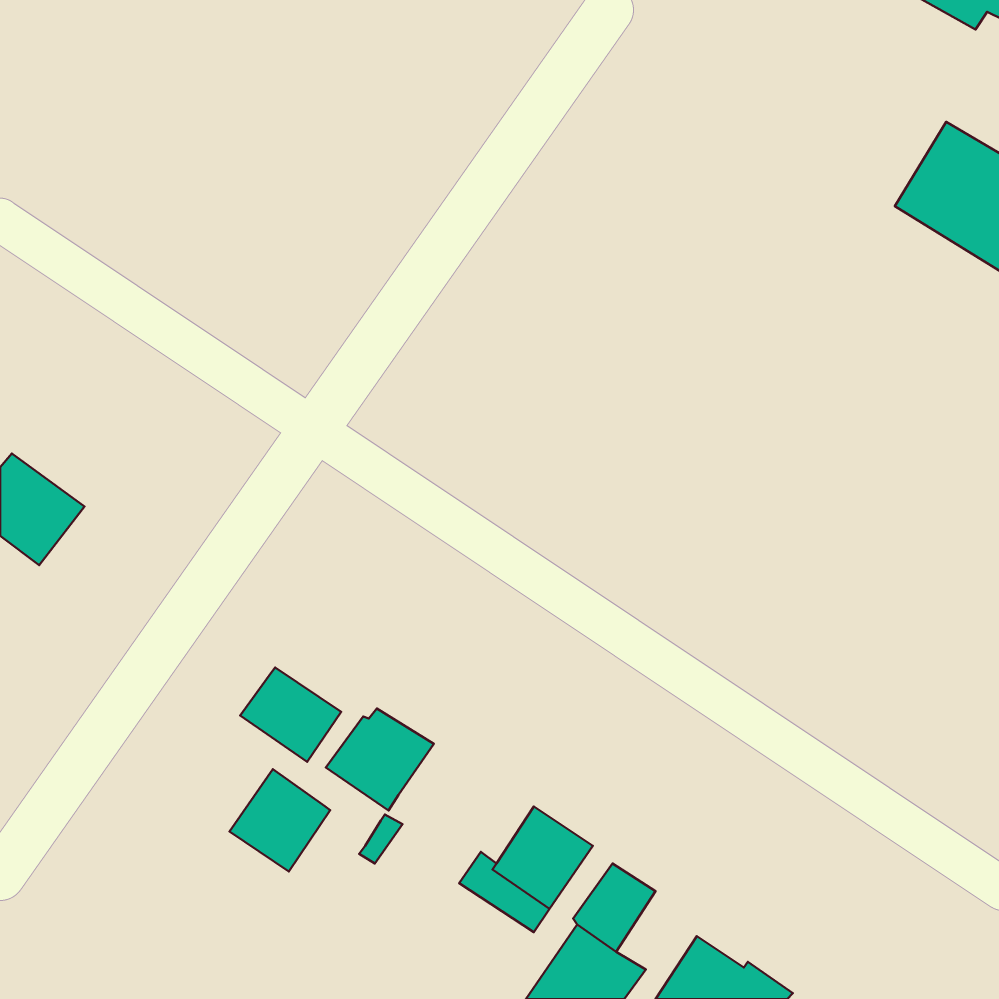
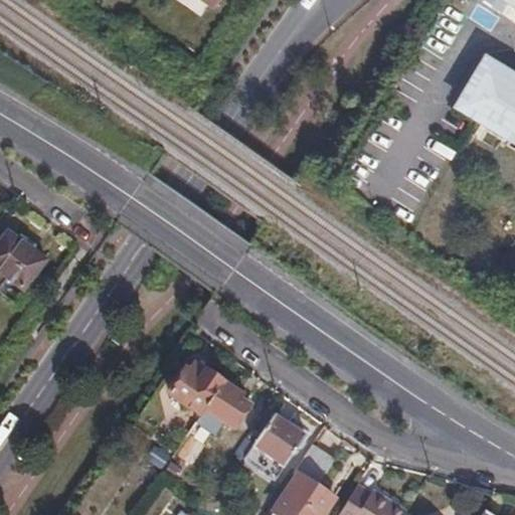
building: [240,667,341,762] -> none
building: none -> [206,381,249,426]
building: [230,769,330,872] -> none

